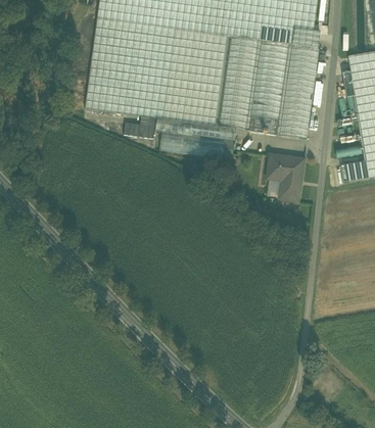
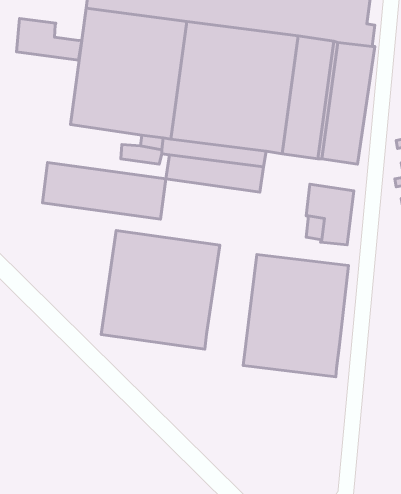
building: none -> [17,18,82,60]
building: none -> [42,163,166,219]
building: none -> [101,230,220,349]
building: none -> [243,255,349,377]

